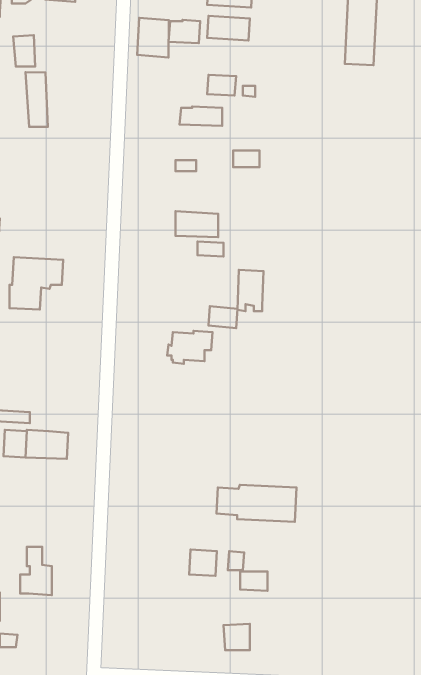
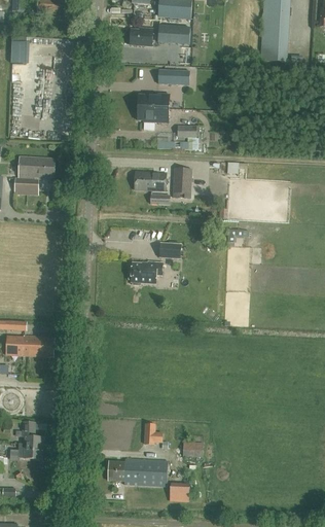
building: [137,18,169,58] -> none
building: [26,72,48,127] -> none
building: none -> [137,106,169,122]
building: [10,257,63,309] -> [14,155,55,195]
building: [237,270,264,311] -> [173,167,192,198]
building: [217,485,296,522] -> [108,458,168,486]

